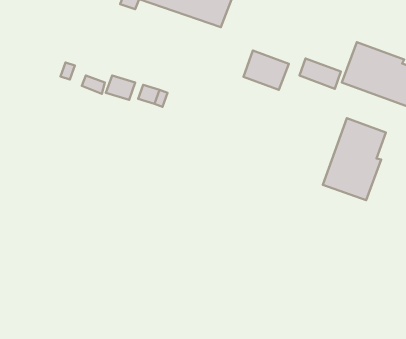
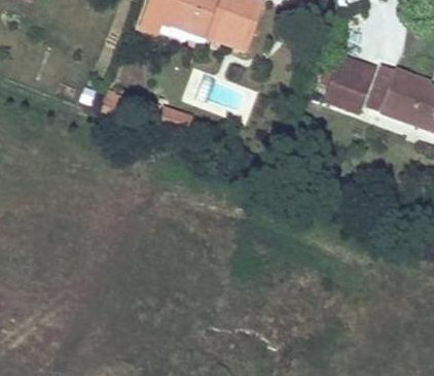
building: [244,51,289,90] -> [330,54,376,94]
building: [323,118,386,200] -> none

